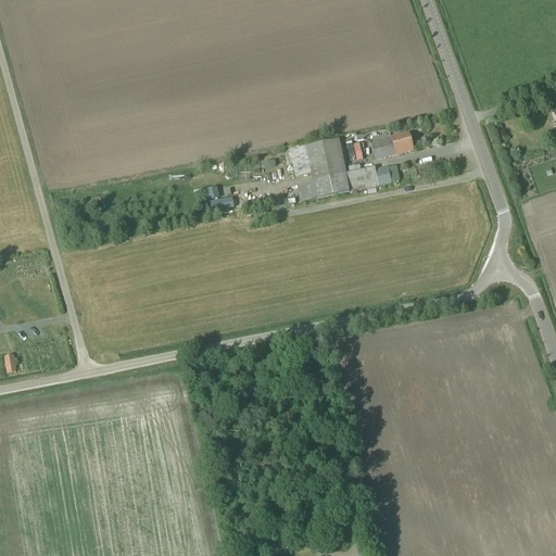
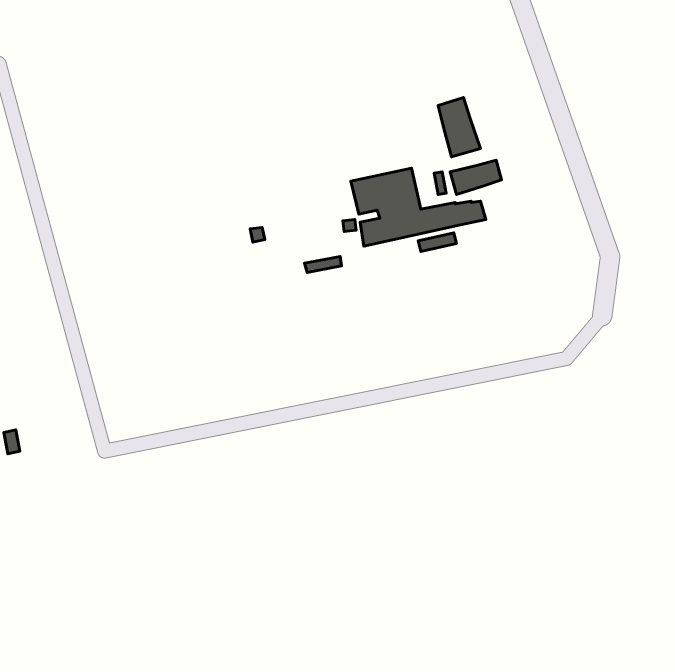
building: none -> [438,97,481,157]

